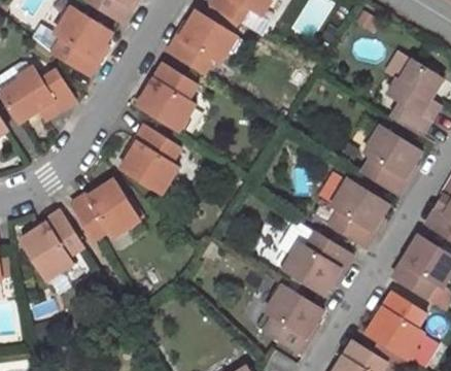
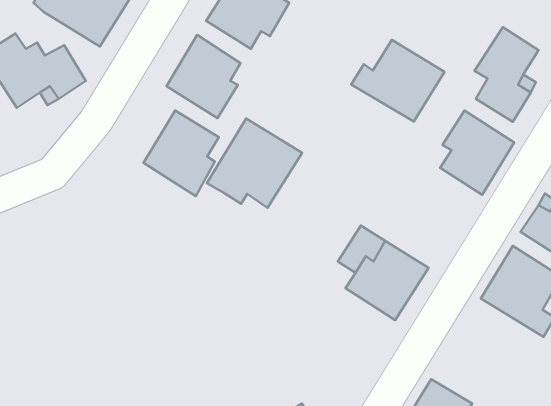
building: none -> [207,119,302,208]
building: [312,178,387,244] -> [351,40,444,122]
building: [73,181,141,241] -> none
building: [21,215,83,282] -> none
building: [254,283,322,351] -> none
building: [367,292,426,358] -> none

